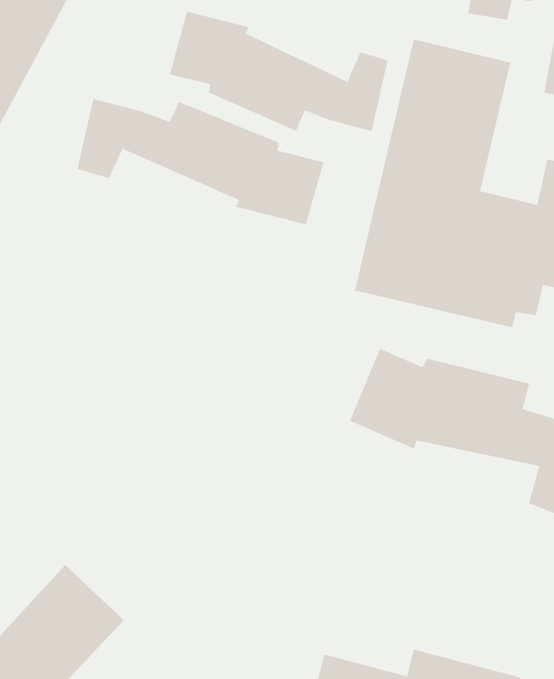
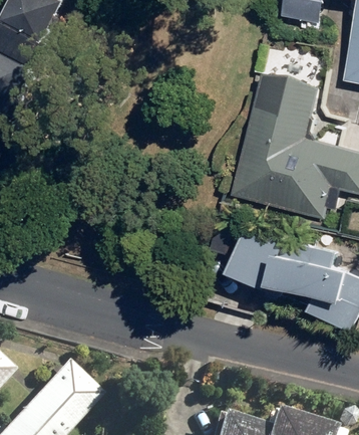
building: [169,11,388,132] -> none
building: [77,98,324,225] -> none

